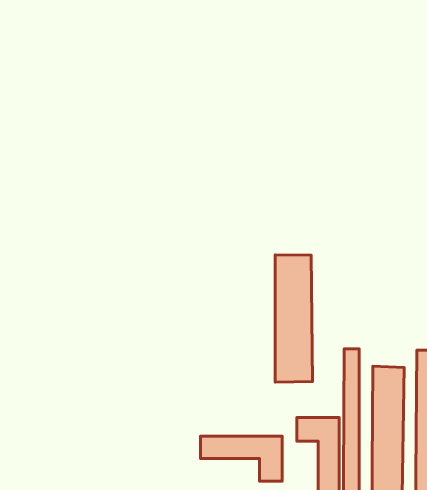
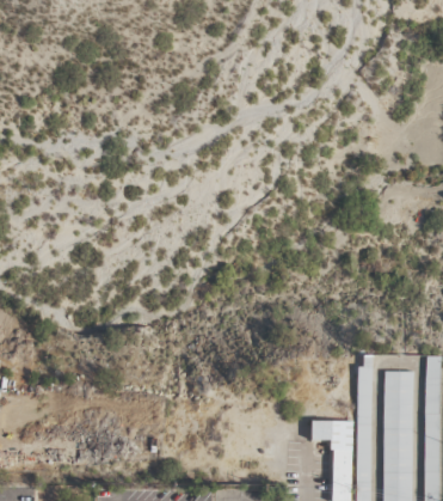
building: [275,255,313,382] -> none
building: [200,436,282,481] -> none

